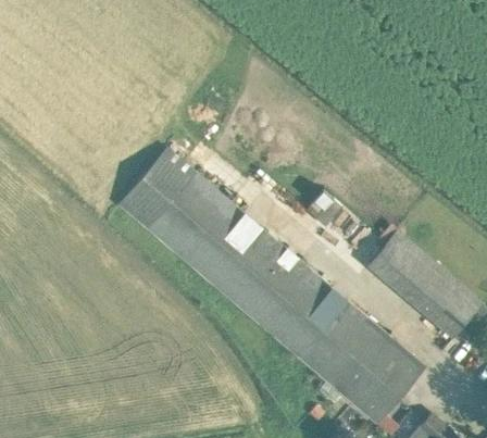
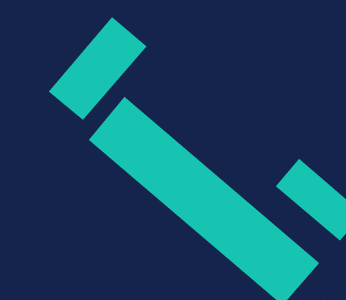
building: none -> [48,16,147,121]

